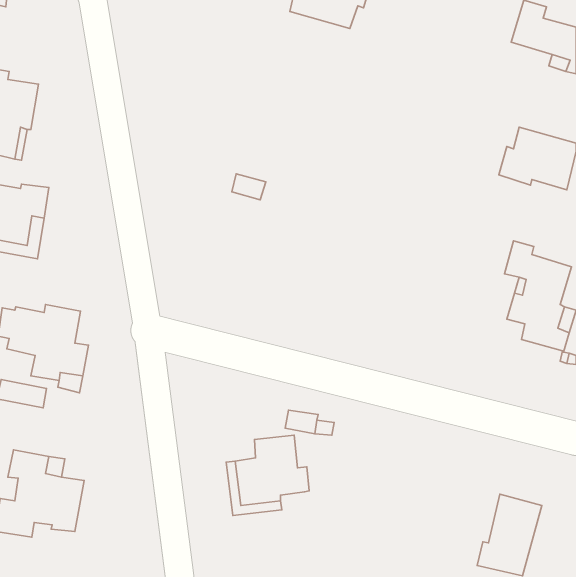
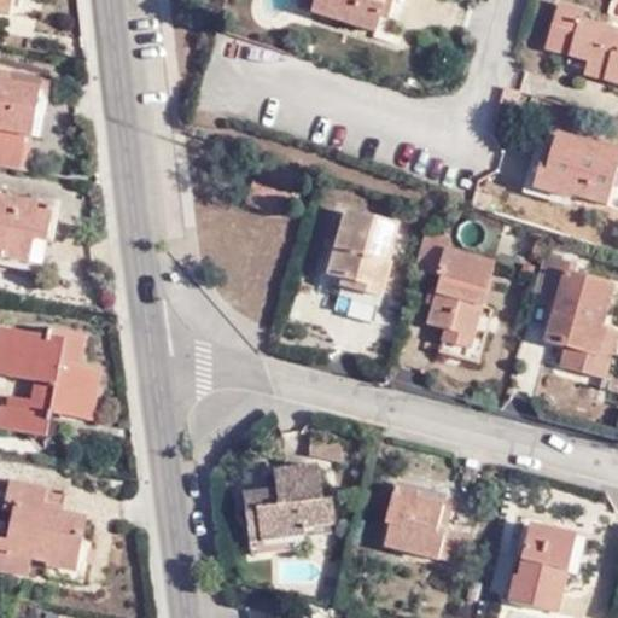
building: none -> [321,205,391,293]
building: none -> [418,234,495,348]
building: none -> [386,486,472,564]

